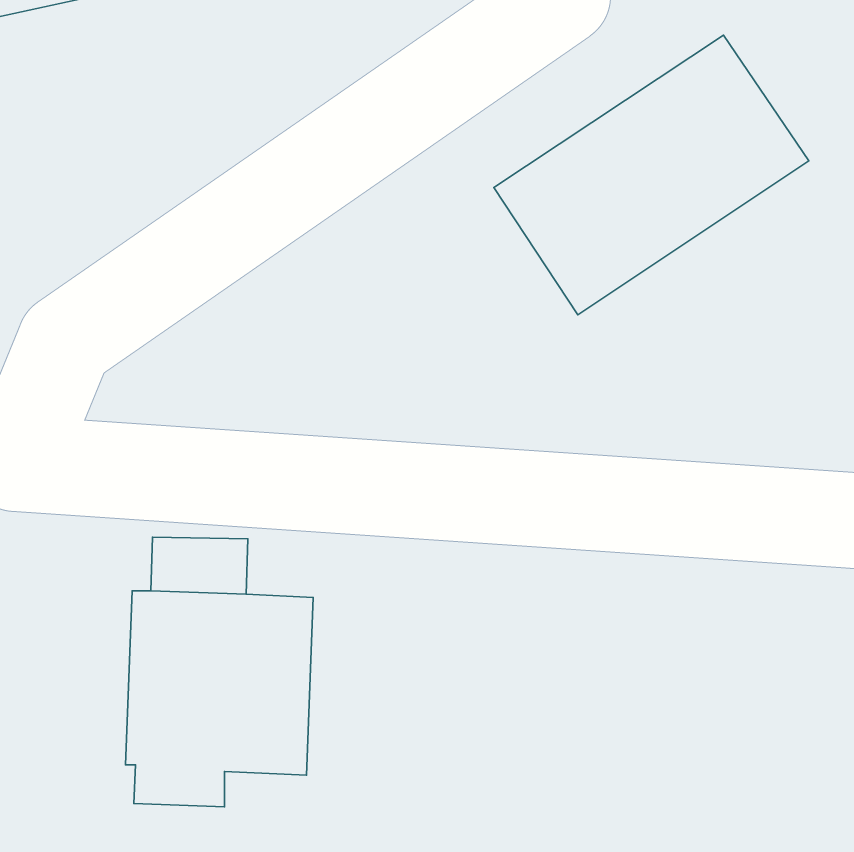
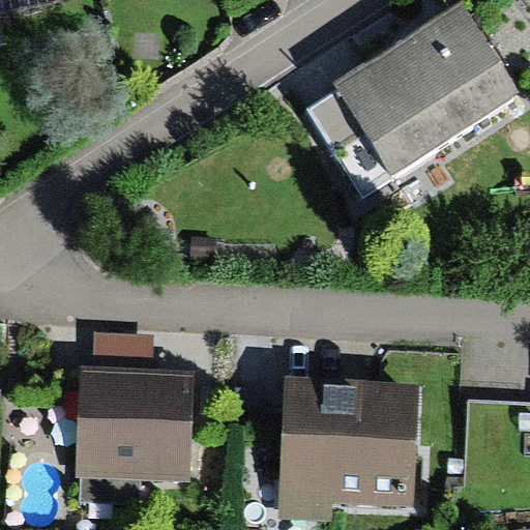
building: none -> [282,381,415,519]

